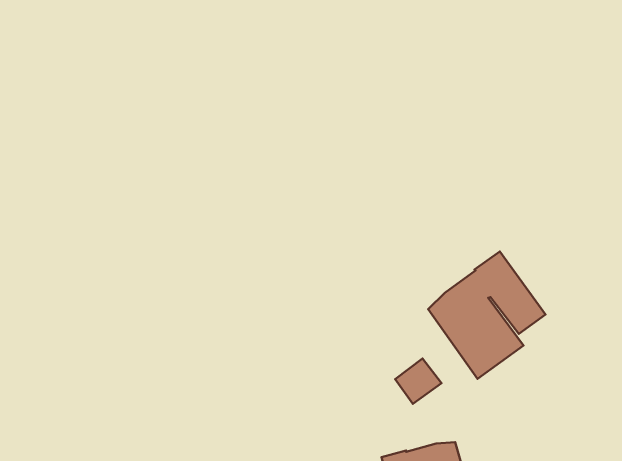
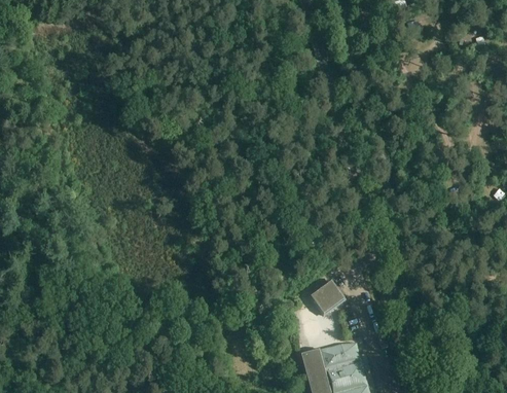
building: [428,251,545,379] -> none

